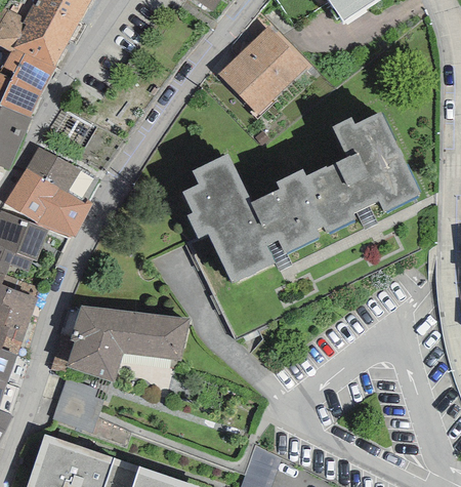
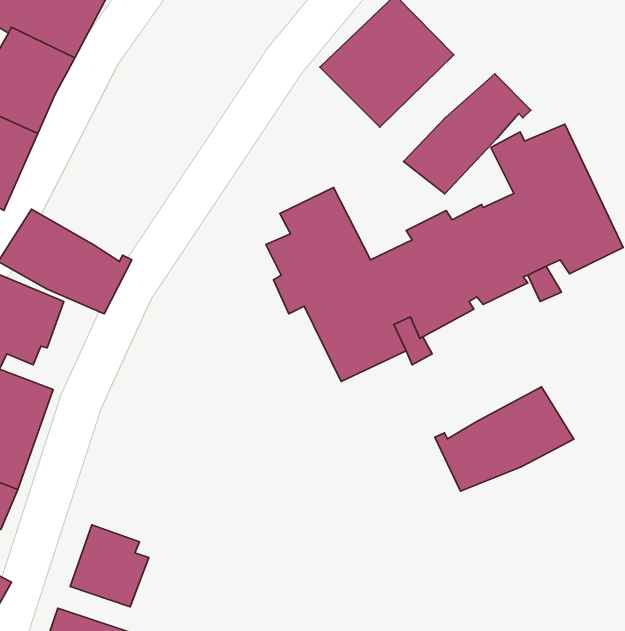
building: none -> [403,74,531,194]
building: [26,147,80,192] -> none
building: none -> [435,387,574,491]
building: [67,306,190,381] -> none

